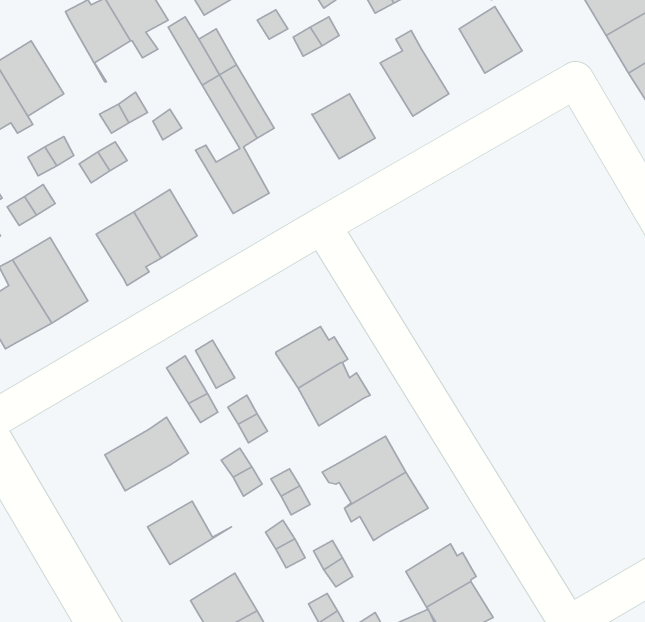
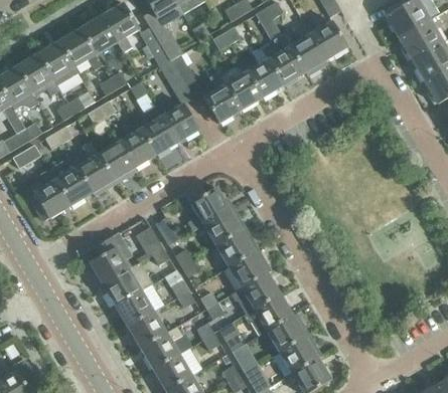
building: none -> [59,27,103,71]
building: none -> [289,33,326,71]
building: none -> [247,58,284,97]
building: none -> [203,71,241,123]
building: none -> [141,105,178,155]
building: none -> [70,142,114,197]
building: none -> [185,183,230,230]
building: none -> [87,232,133,283]
building: none -> [229,250,271,287]
building: none -> [115,289,154,326]
building: none -> [267,315,309,352]
building: none -> [141,326,182,369]

